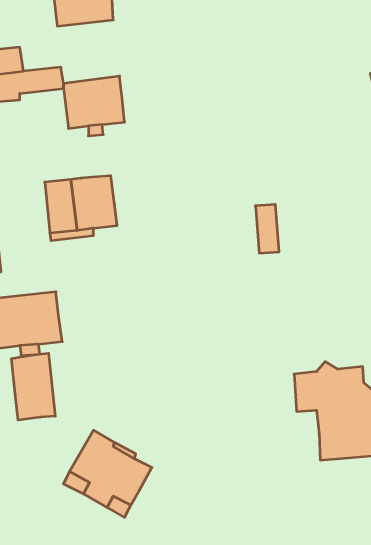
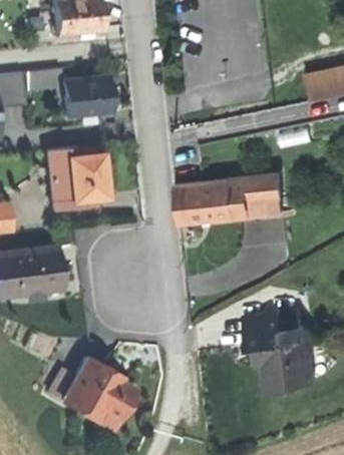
building: none -> [234,175,285,217]
building: none -> [180,180,221,221]
building: [12,353,55,420] -> none

